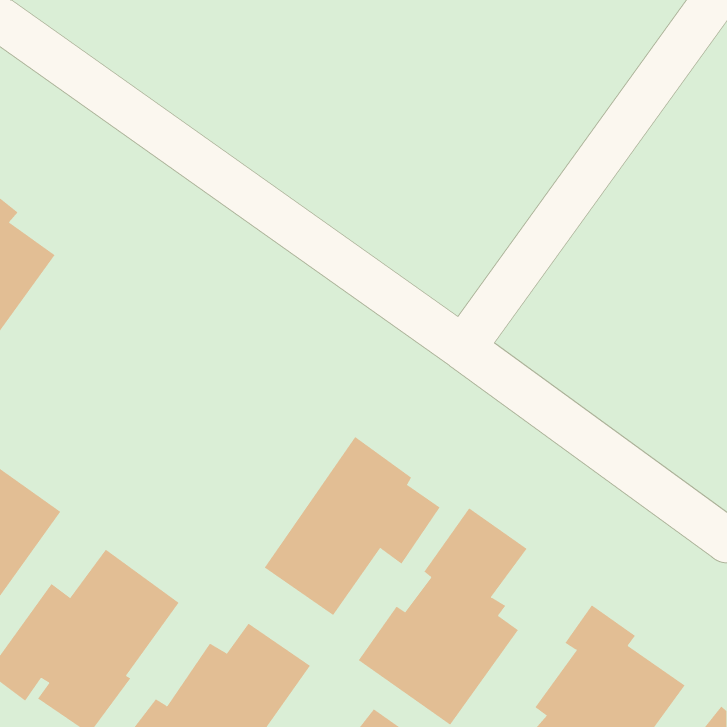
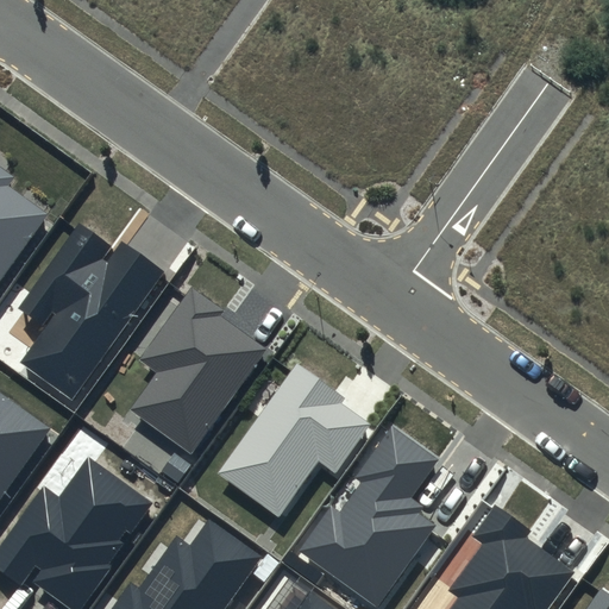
building: none -> [15,225,164,403]
building: none -> [128,289,264,453]

